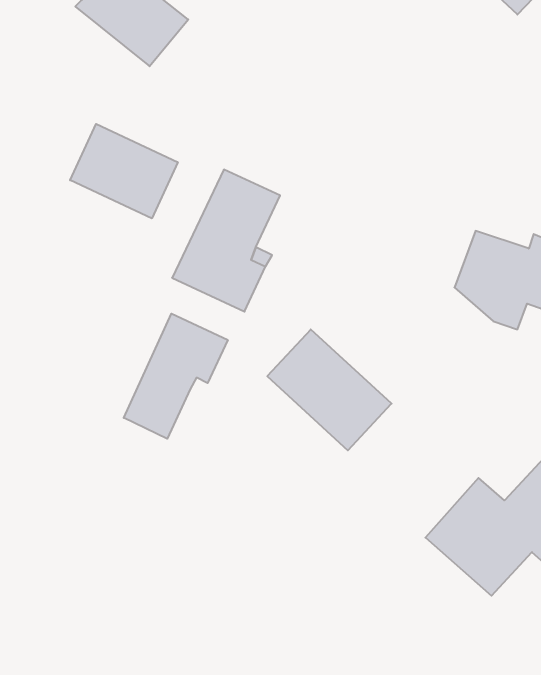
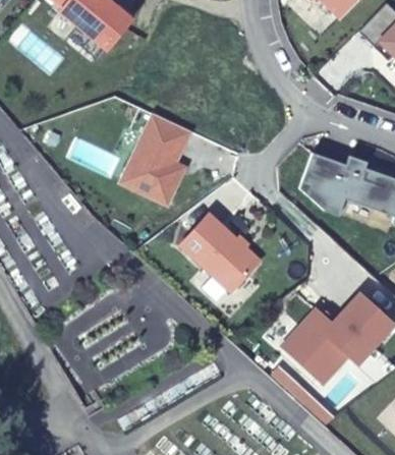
building: [70,124,178,218] -> none
building: [124,314,228,439] -> none

